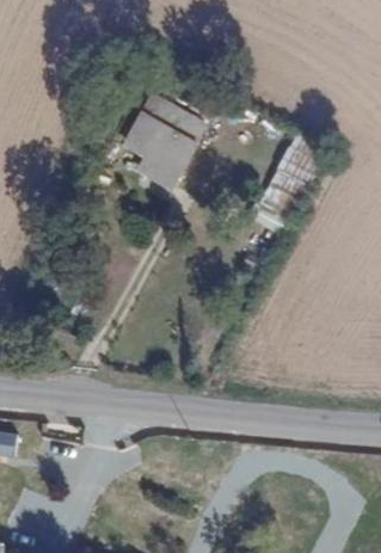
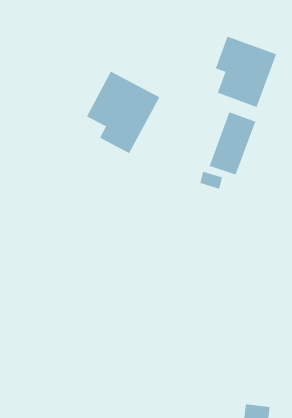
building: none -> [215,36,277,108]

